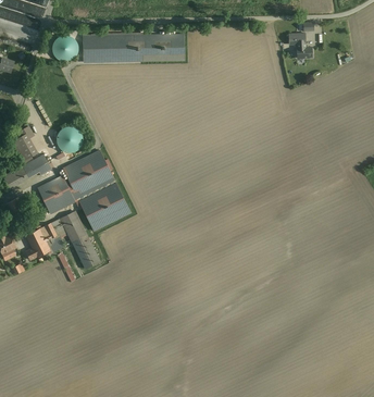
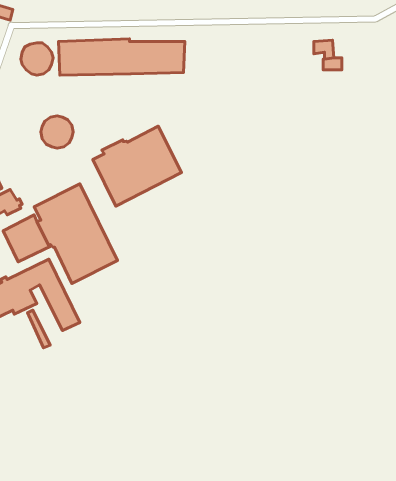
building: none -> [93,126,181,206]
building: [55,126,82,152] -> [41,116,73,148]

